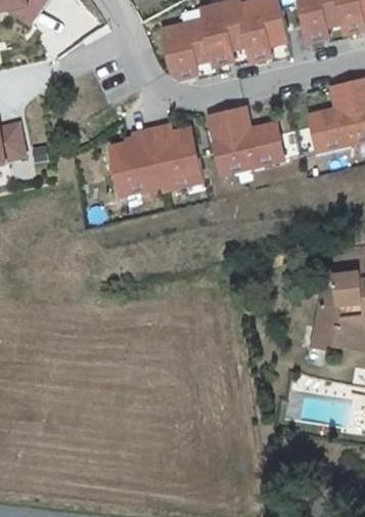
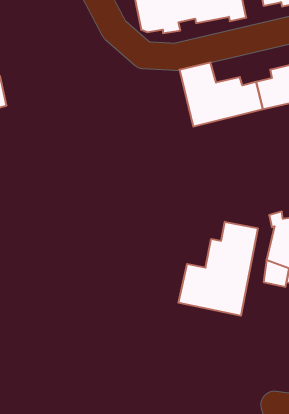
building: [113,125,206,195] -> none
building: none -> [178,222,258,316]

